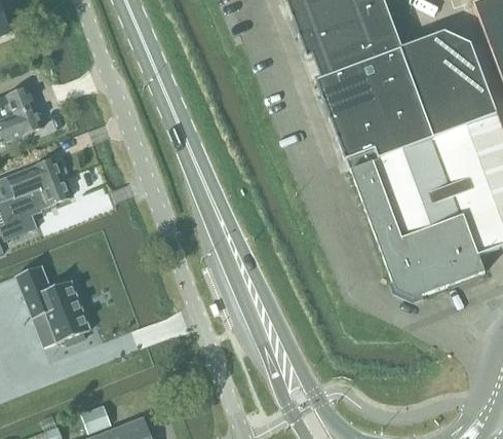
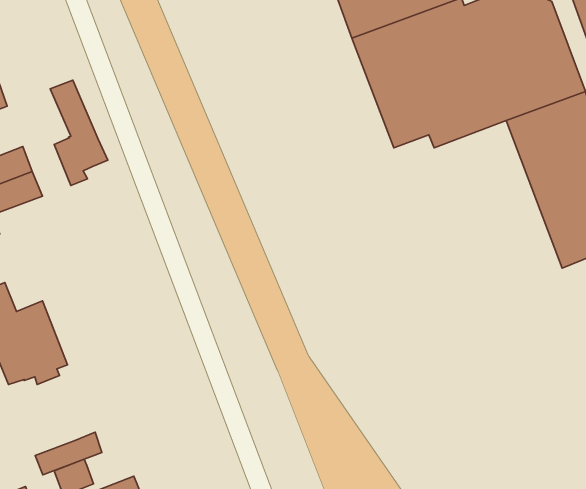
building: none -> [50,80,108,185]
building: [347,137,485,297] -> none
building: none -> [35,432,102,475]

